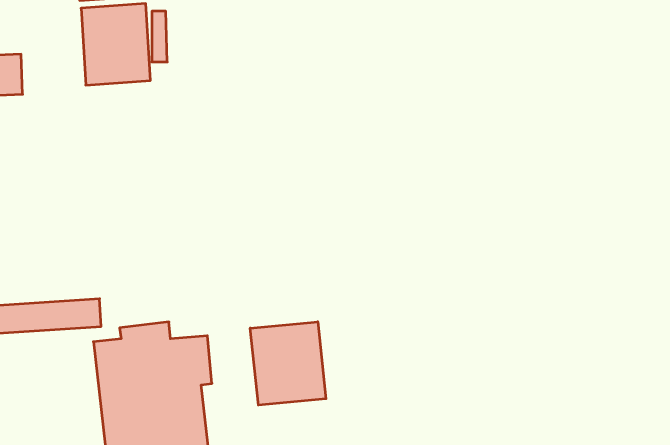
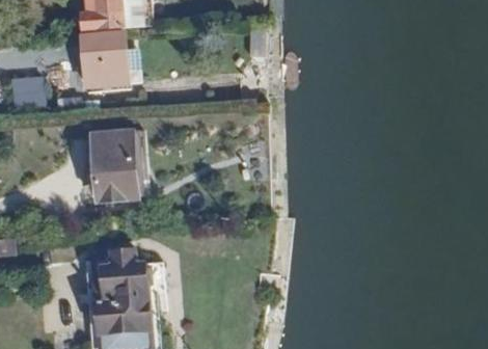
building: none -> [88,133,140,213]
building: [250,322,326,405] -> none

